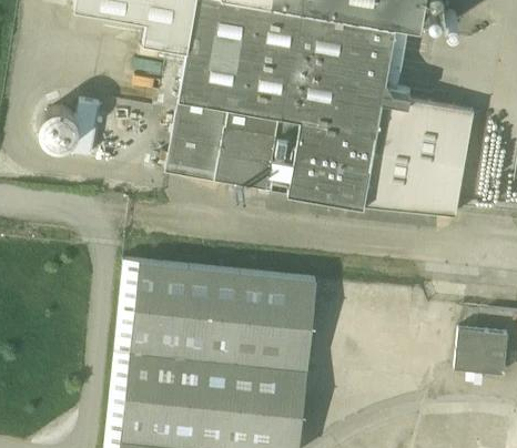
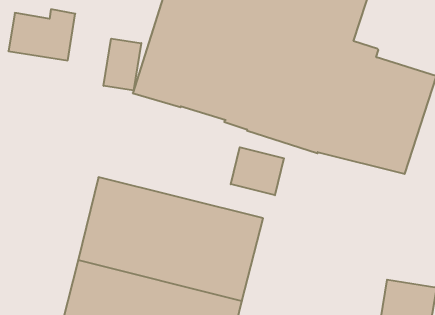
building: none -> [104,39,141,91]
building: none -> [231,147,284,195]

